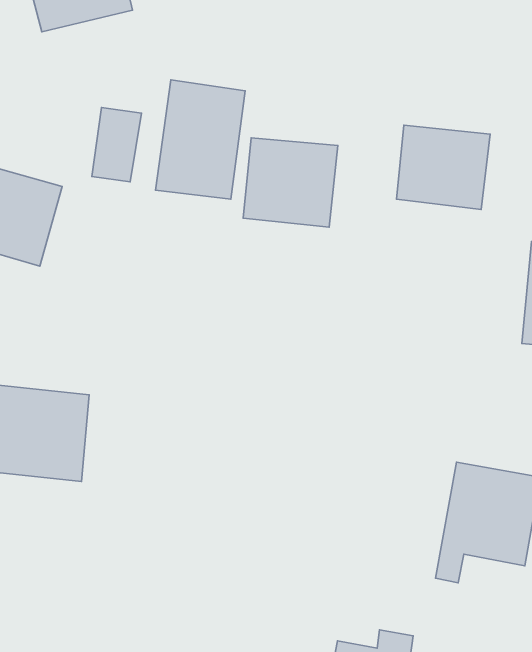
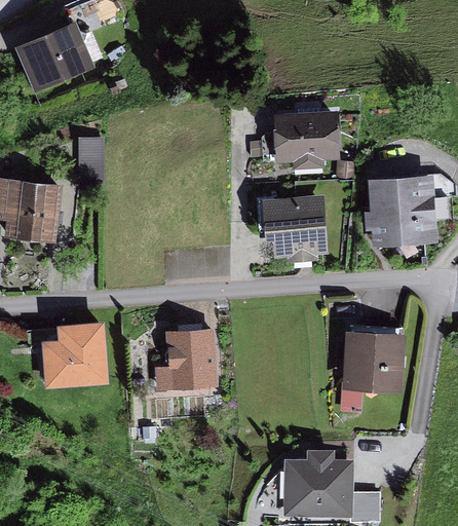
building: [155,80,245,199] -> none
building: [243,138,338,227] -> [268,198,328,255]
building: none -> [151,330,216,391]

